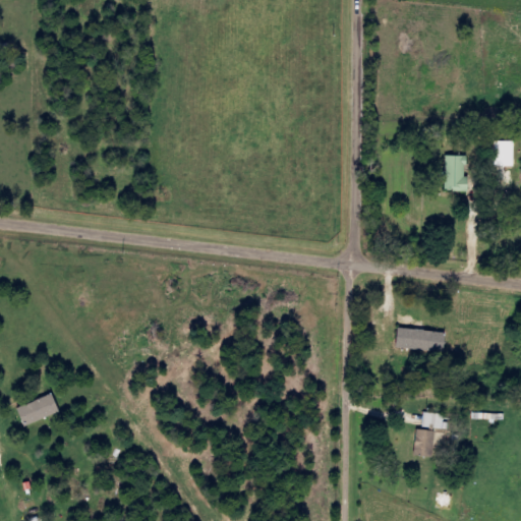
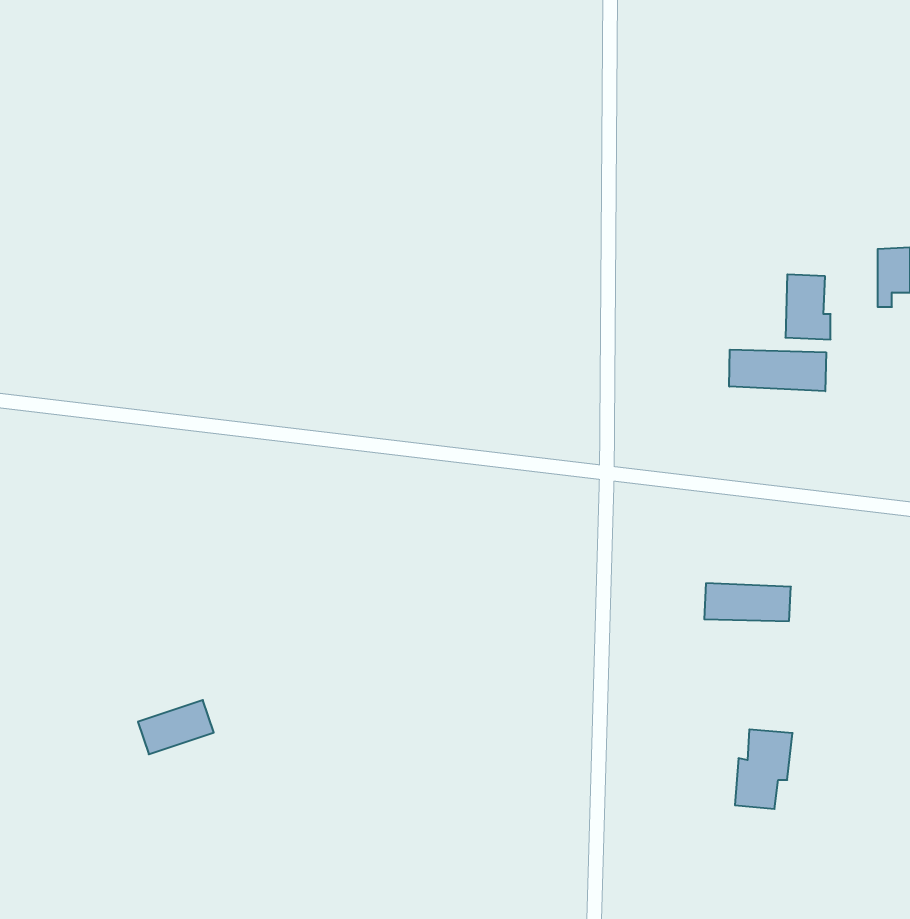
building: none -> [729,350,826,391]
building: [16,394,59,424] -> [138,700,214,754]

